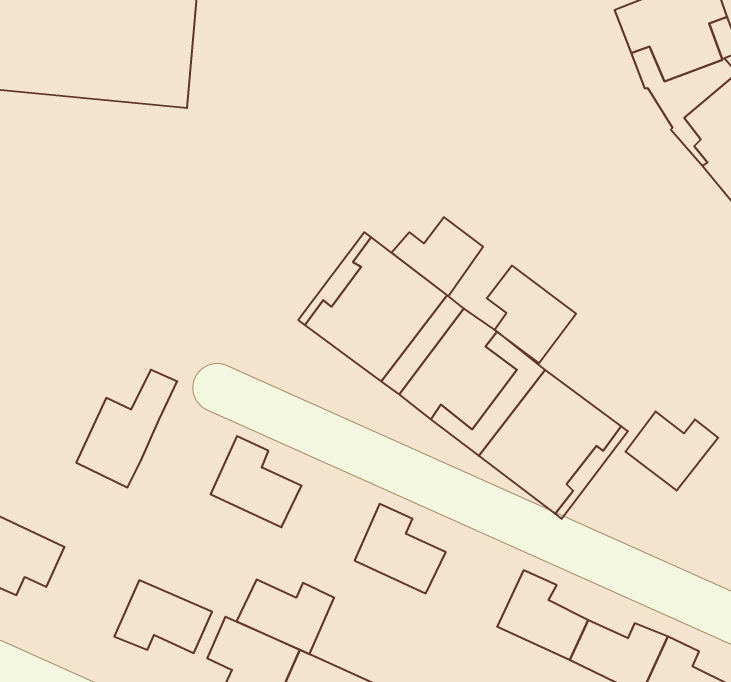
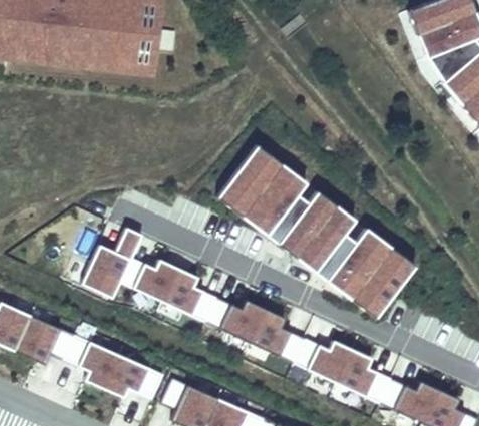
building: [391,217,483,296] -> none
building: [487,266,576,363] -> none
building: [625,411,718,491] -> none
building: none -> [121,258,179,303]
building: none -> [64,335,120,389]
building: none -> [294,338,353,383]
building: [236,580,334,654] -> [206,298,266,343]

